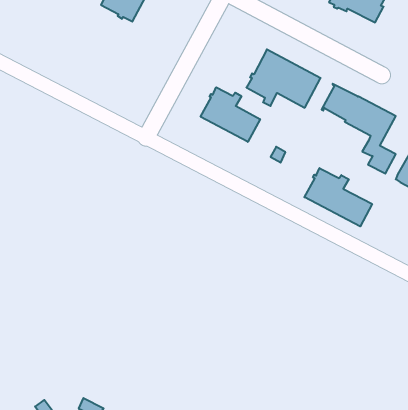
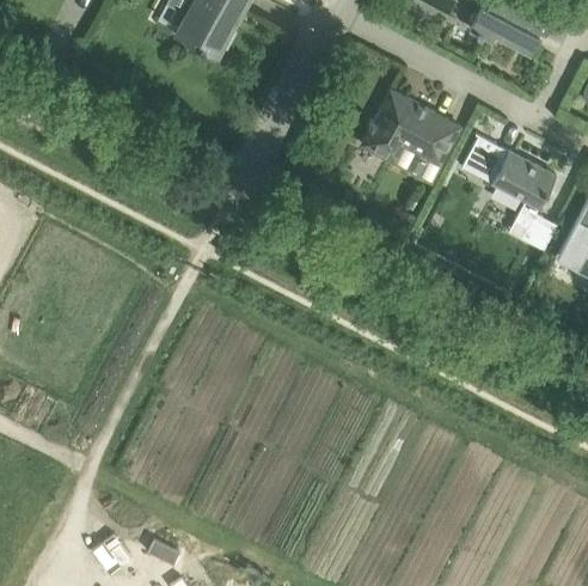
building: [201,87,260,142] -> none
building: [304,168,372,226] -> none

